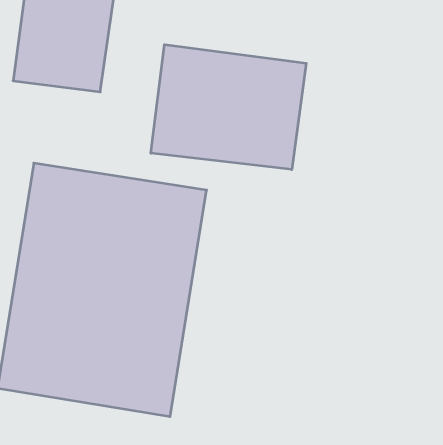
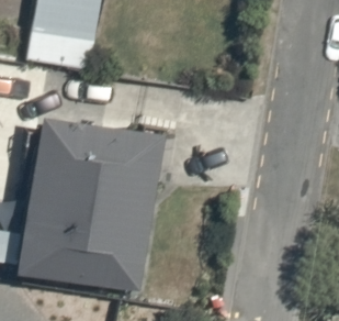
building: [151,45,306,170] -> none

